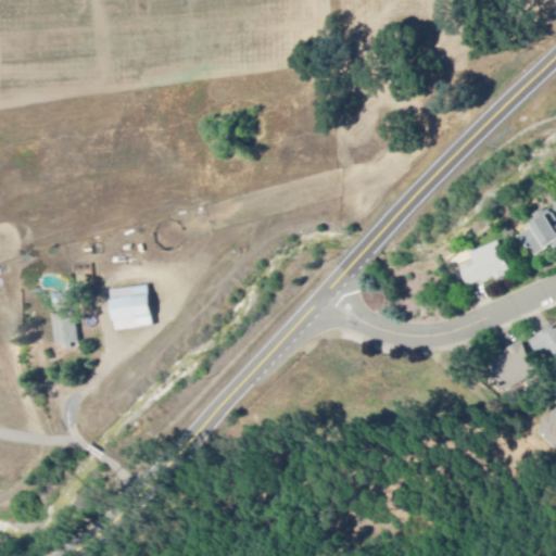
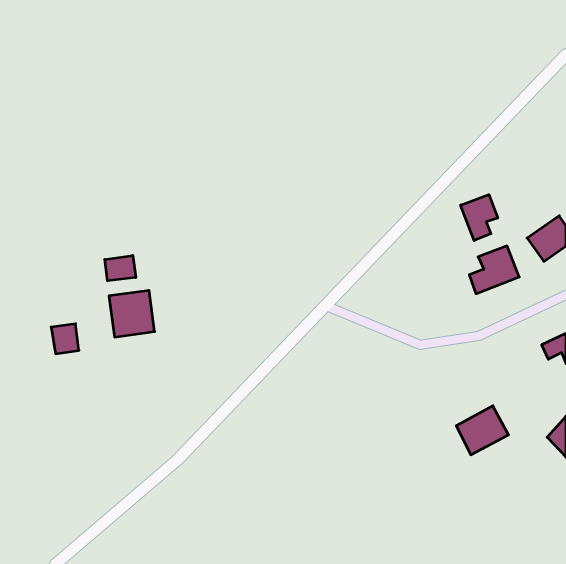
building: none -> [461,195,498,241]
building: none -> [105,255,136,281]
building: [485,342,536,390] -> [456,406,509,455]

